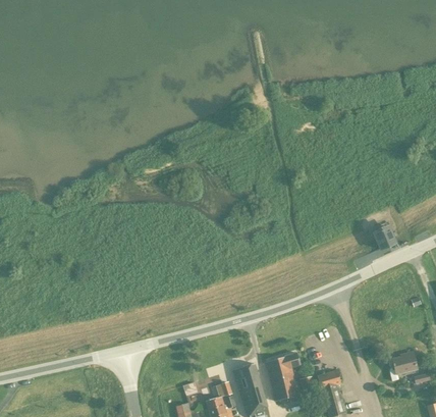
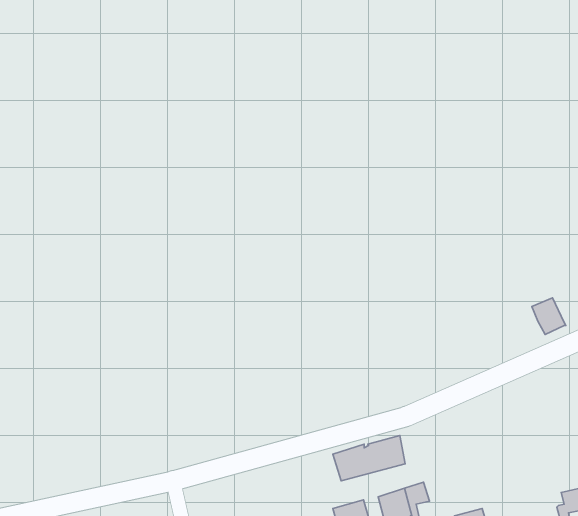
building: none -> [333,436,405,481]

